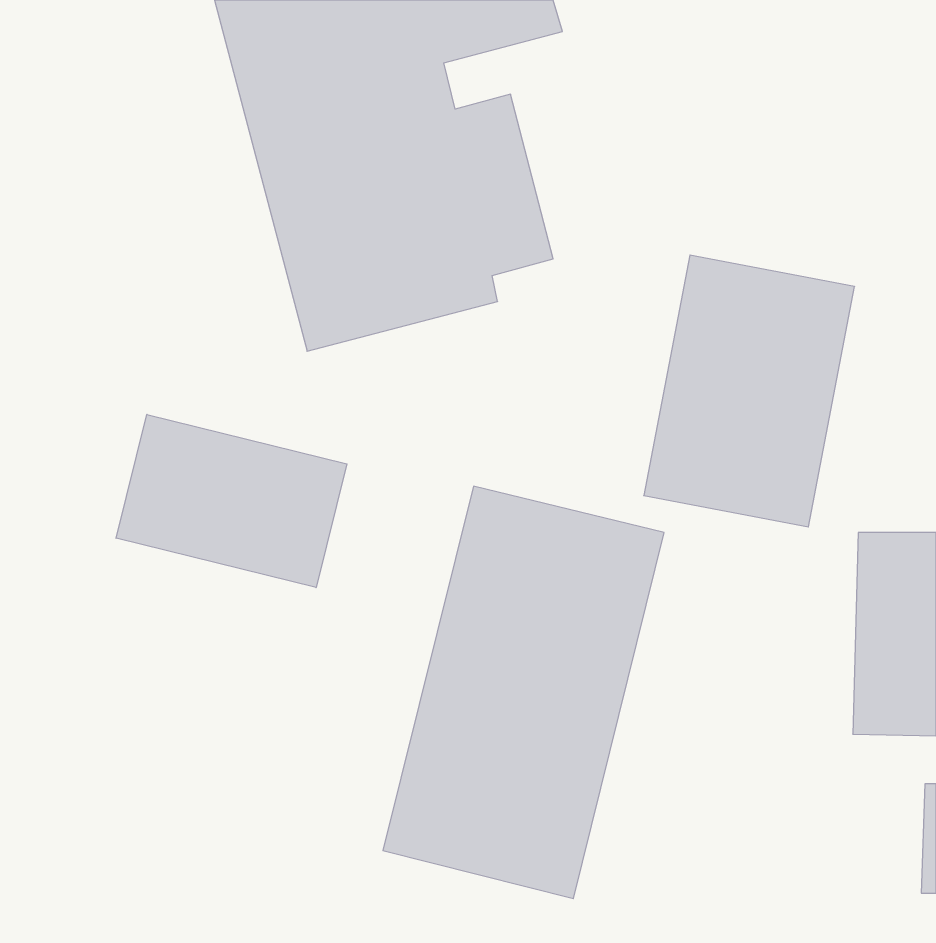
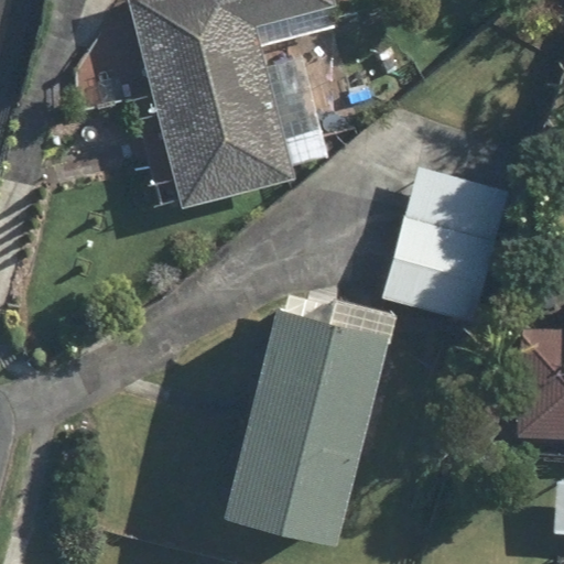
building: [116,414,347,588] -> none

